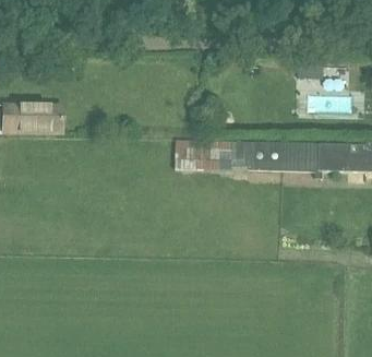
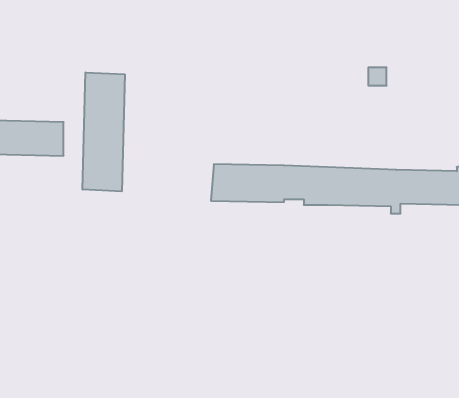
building: none -> [83,72,125,191]

